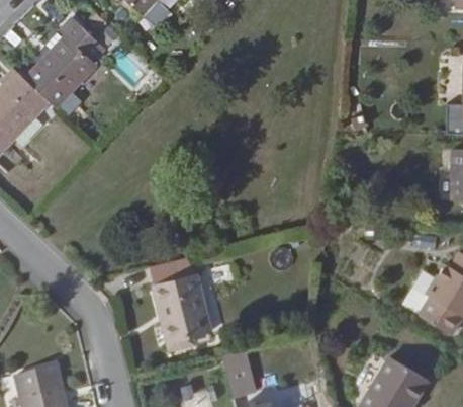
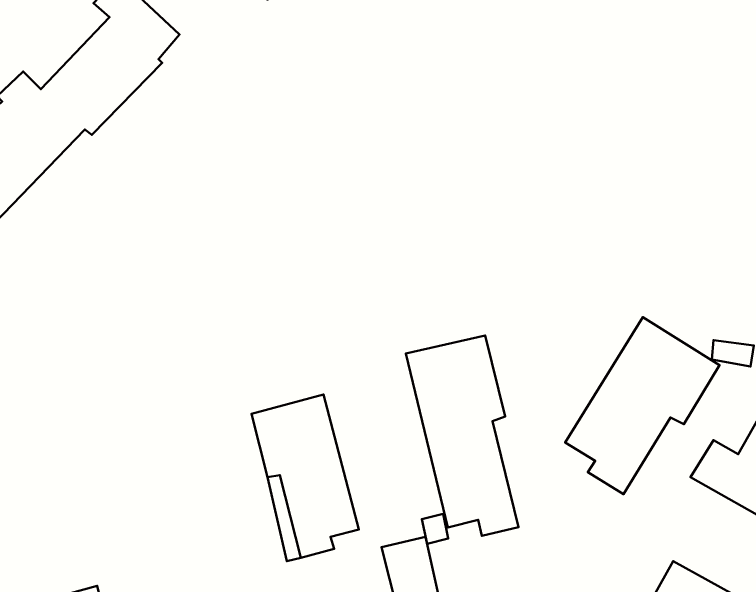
building: none -> [565,317,720,494]
building: none -> [406,335,518,536]

